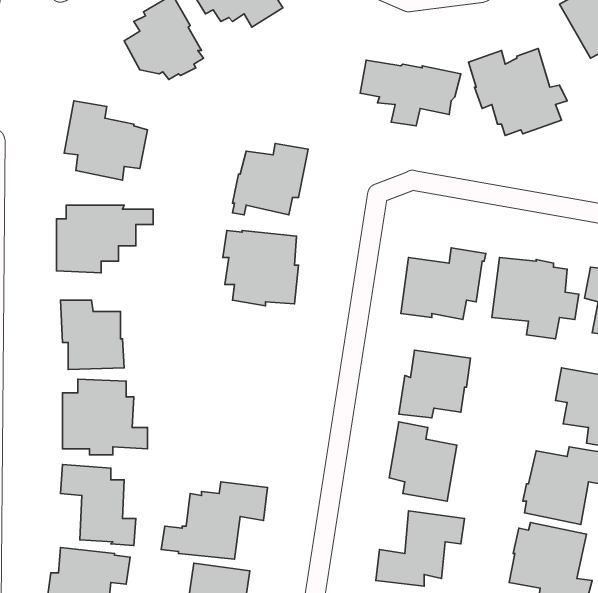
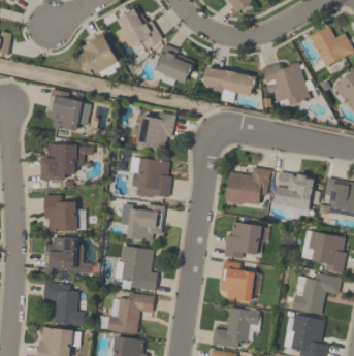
building: none -> [154,44,196,86]
building: none -> [121,203,165,240]
building: none -> [115,246,158,291]

